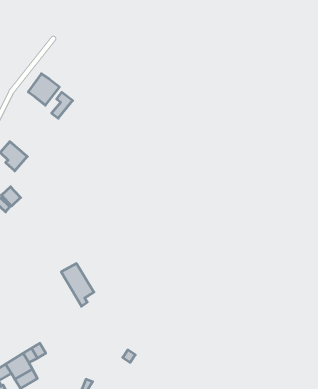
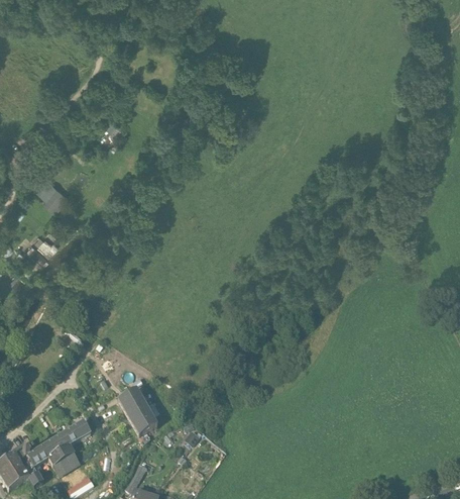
building: [28,74,59,105] -> none
building: [61,264,94,306] -> [118,390,157,441]

